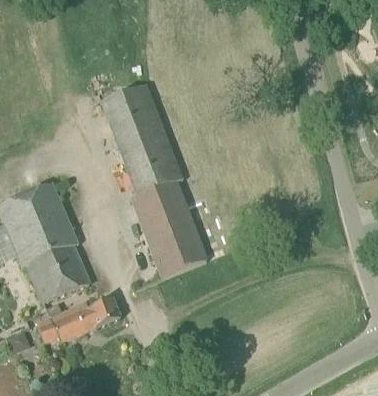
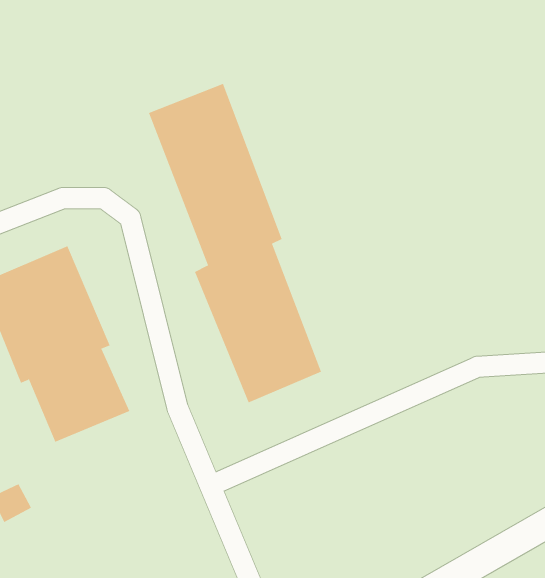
building: [37,298,121,341] -> none

